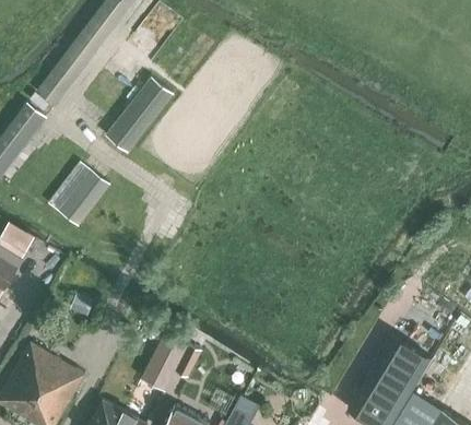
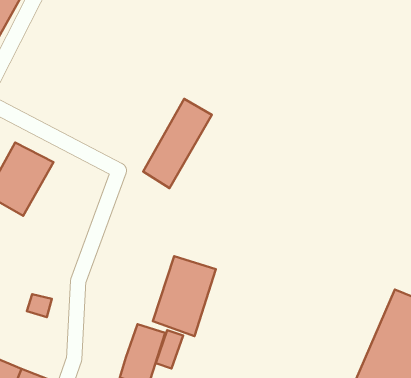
building: [107,78,174,153] -> [143,99,212,188]
building: none -> [153,256,216,336]

